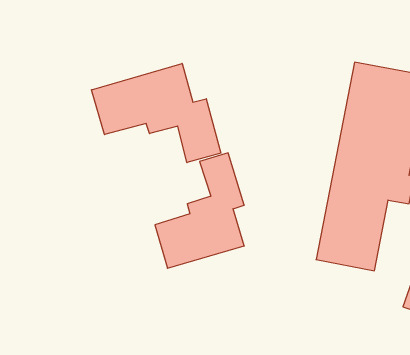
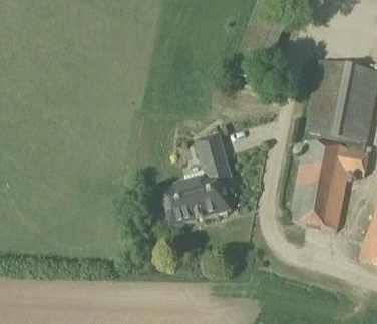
building: [91,63,221,163] -> none

